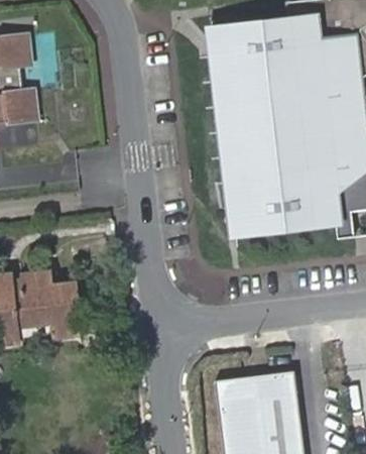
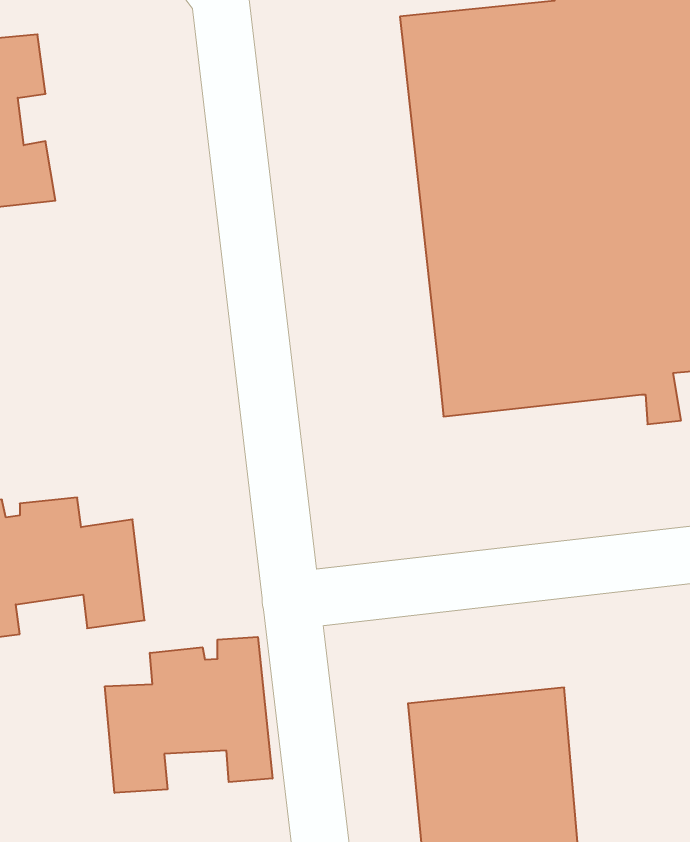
building: none -> [105,637,272,793]

